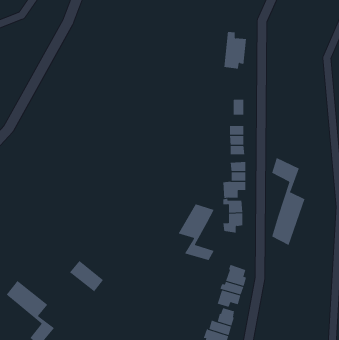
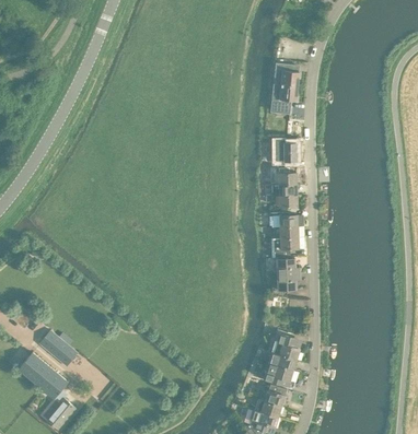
building: [271,157,305,246] -> none
building: [178,204,215,261] -> none
building: [69,260,104,292] -> [37,328,78,365]

